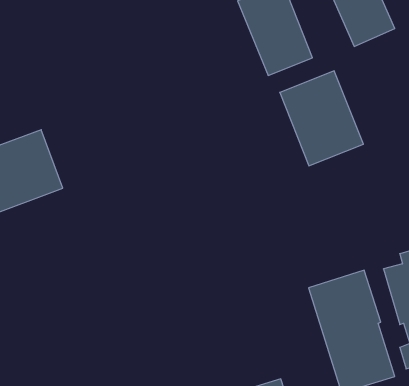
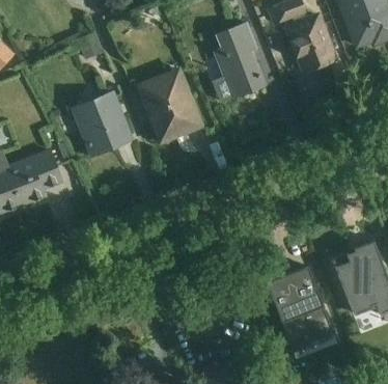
building: none -> [72,91,131,156]
building: [280,71,363,166] -> [135,67,203,145]

